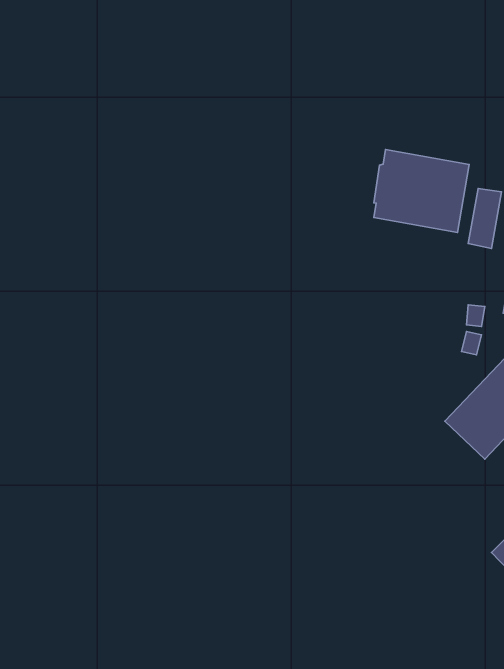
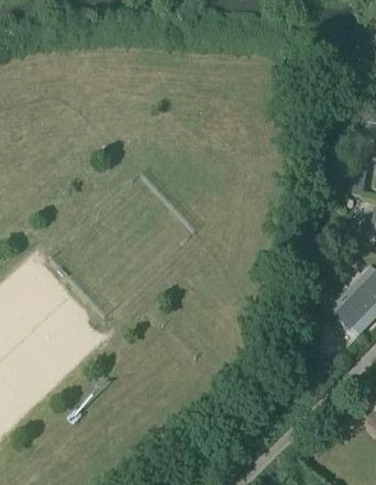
building: [374,150,469,232] -> none

